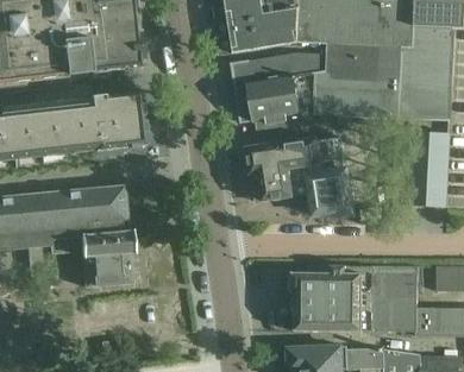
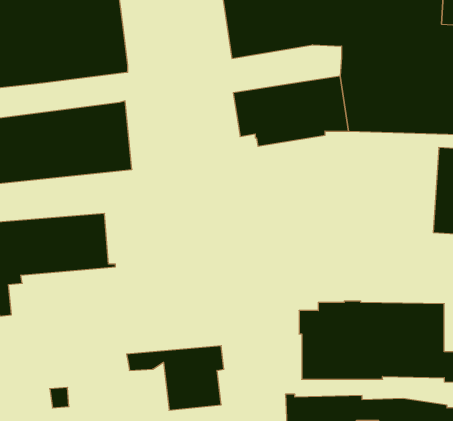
building: [230,50,327,82] -> none
building: [246,134,353,213] -> none
building: [49,233,133,289] -> [127,346,224,410]

